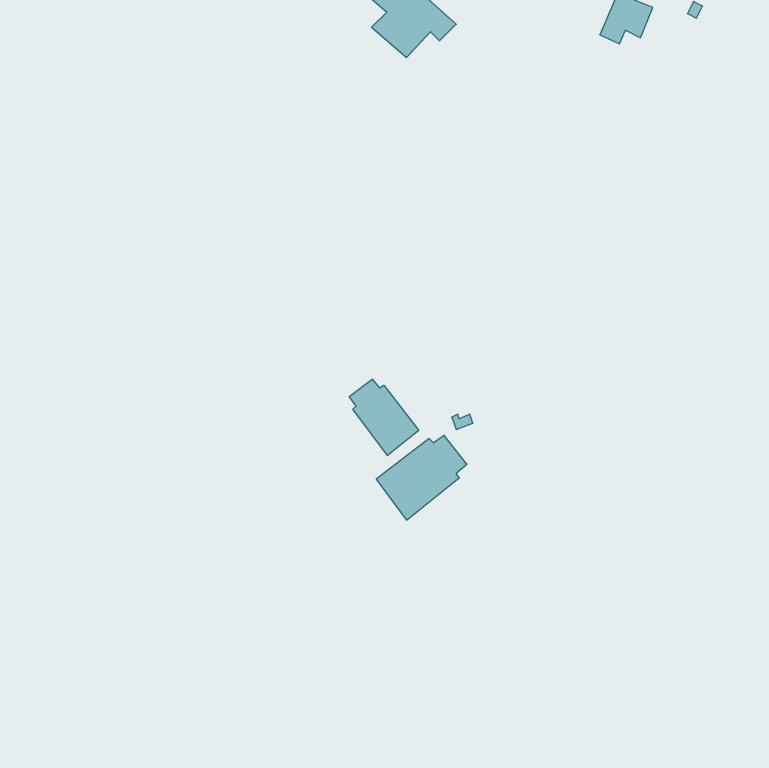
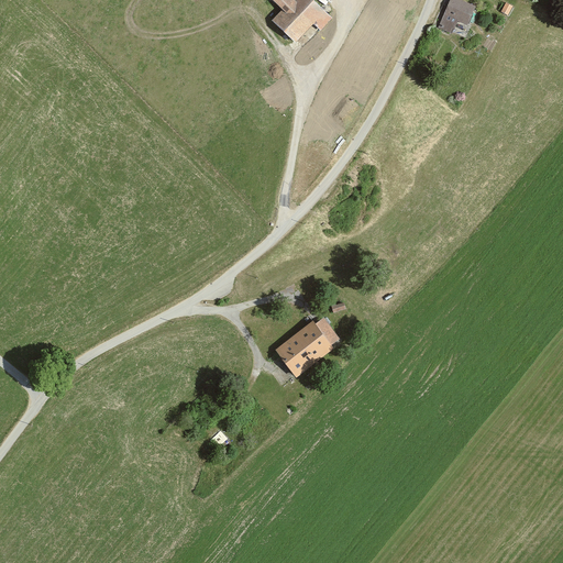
building: [349,379,419,456] -> none

